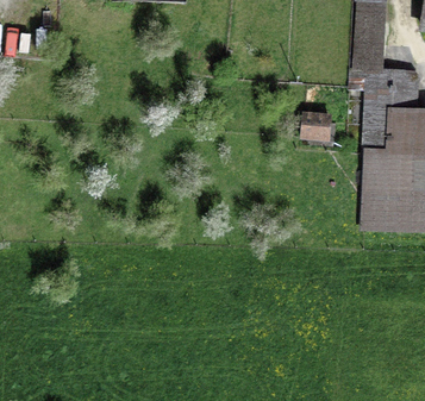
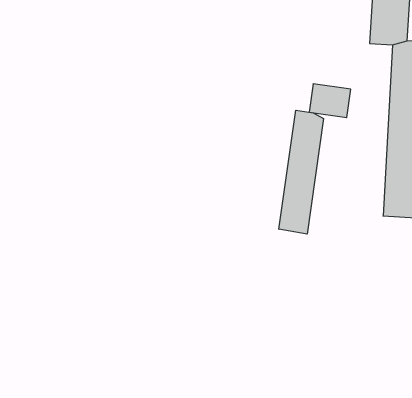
building: none -> [279,110,323,234]

